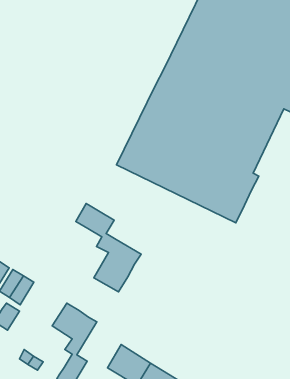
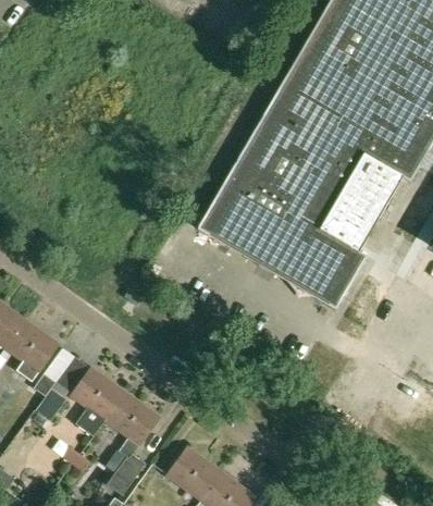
building: [76,204,141,292] -> none
building: none -> [71,367,124,434]

